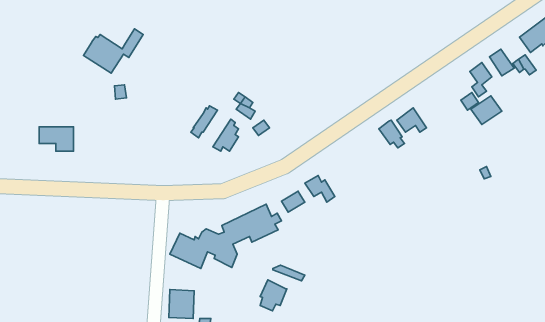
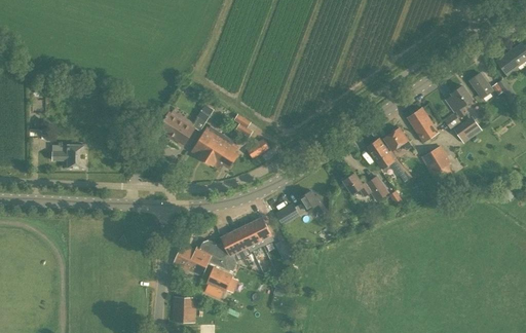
building: [84,29,143,73] -> [157,104,213,145]
building: none -> [407,107,438,142]
building: none -> [198,130,229,164]
building: none -> [421,146,451,181]
building: none -> [342,173,388,200]
building: [260,280,287,311] -> [206,267,231,296]

